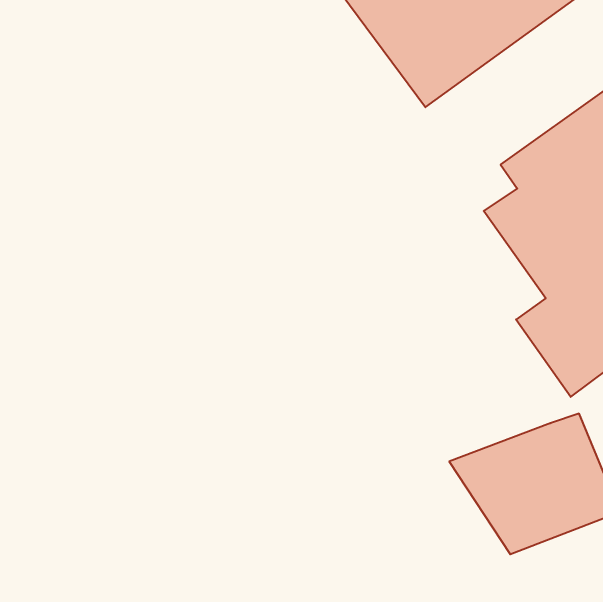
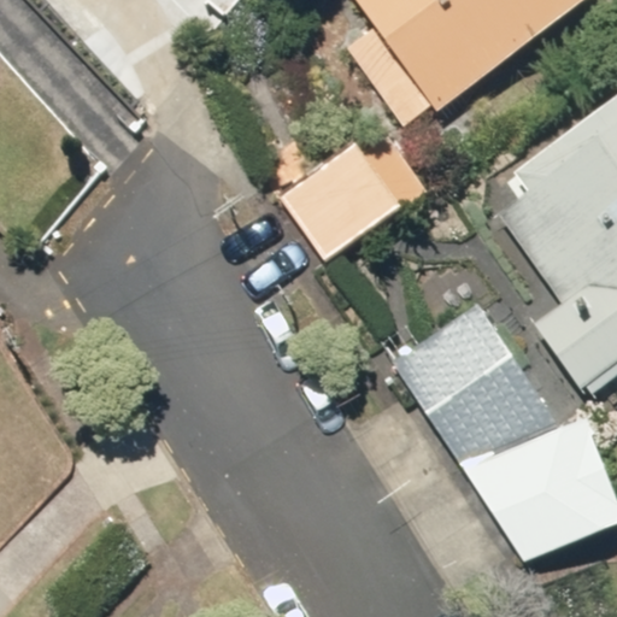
building: none -> [275,133,430,260]
building: none -> [392,299,563,466]

